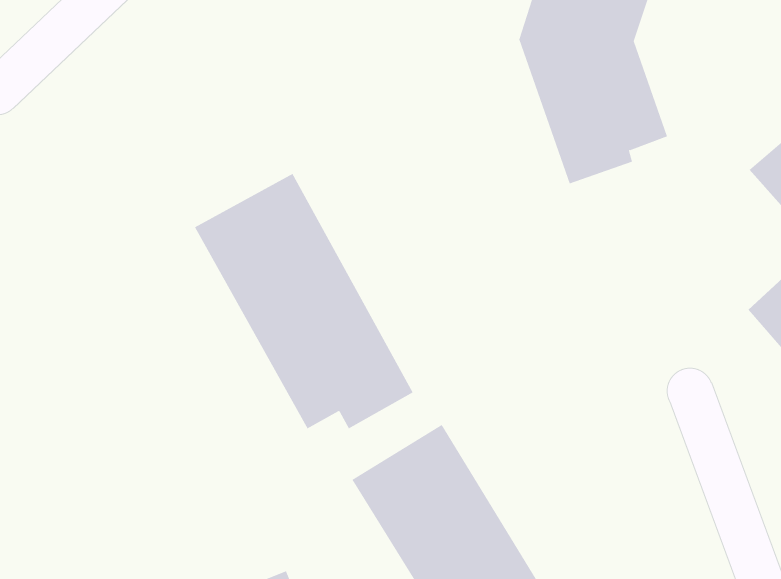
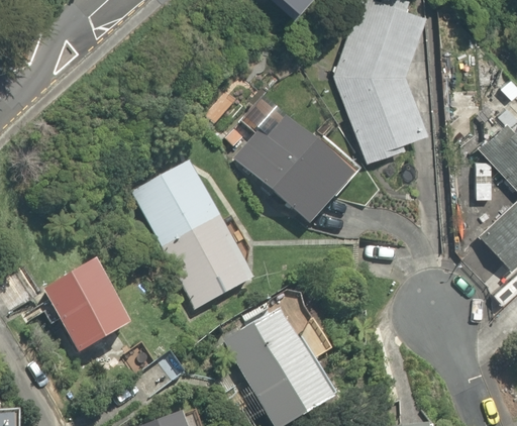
building: none -> [223,112,355,230]
building: none -> [41,255,139,364]

